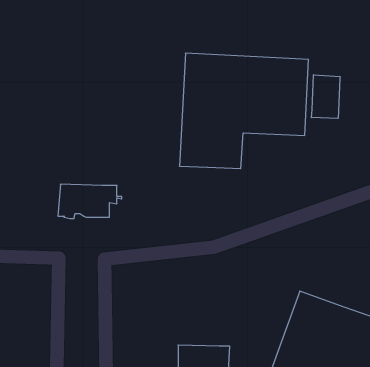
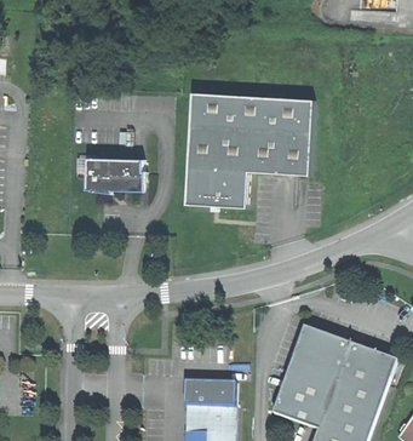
building: [311,75,340,118] -> none
building: [58,184,122,219] -> [85,159,148,193]

